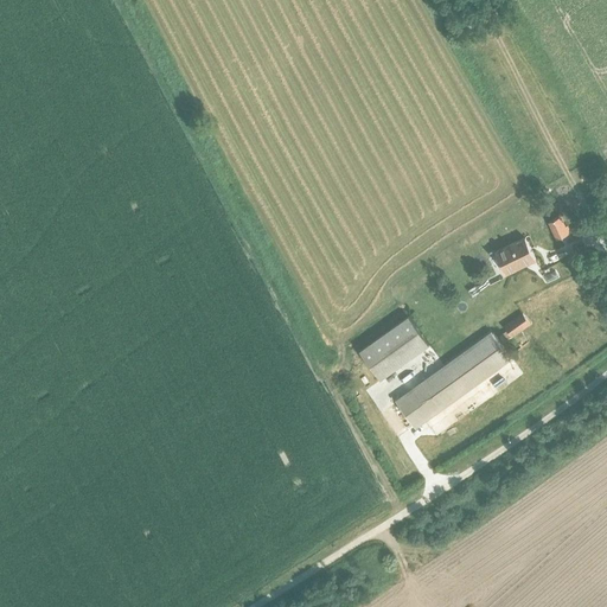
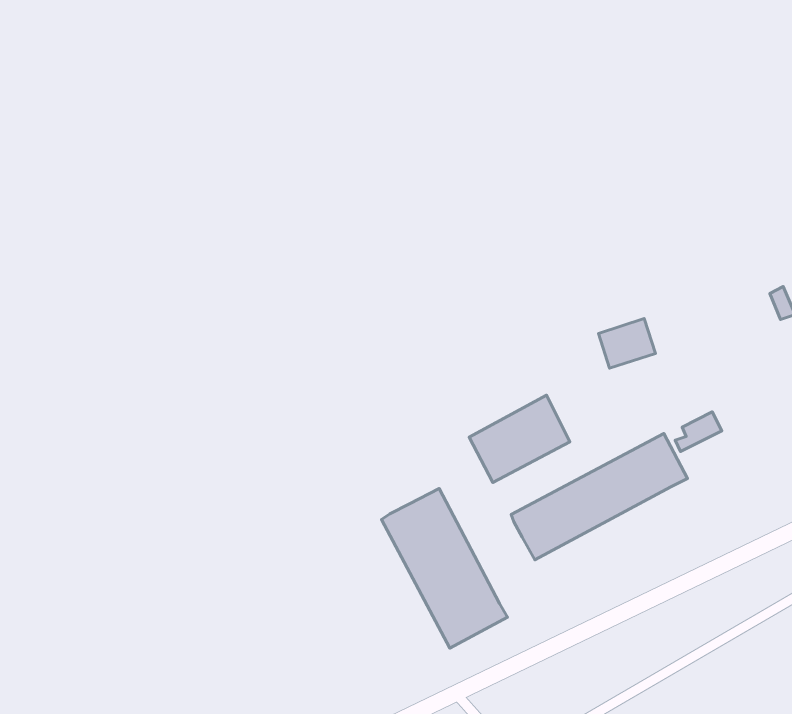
building: [493,239,533,276] -> [599,319,655,368]
building: none -> [382,489,508,648]

